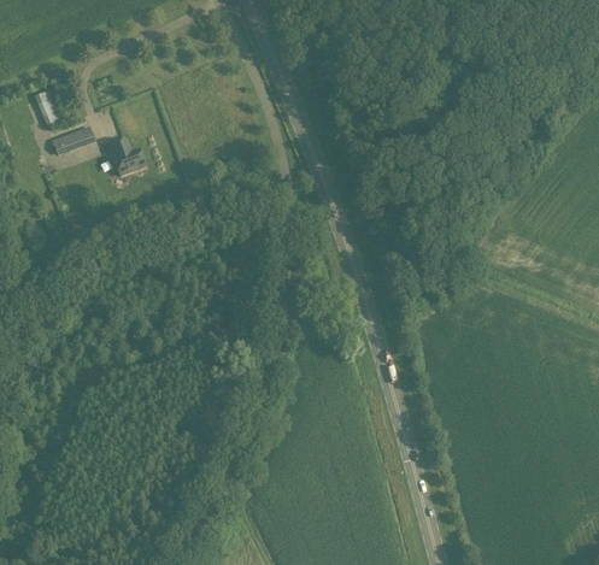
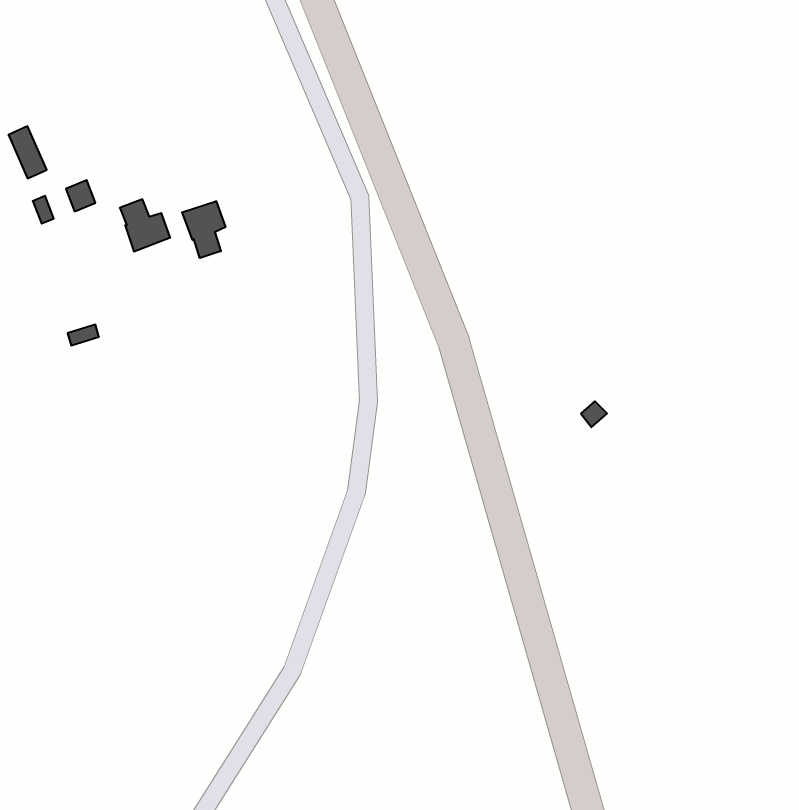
building: none -> [182,201,225,258]

